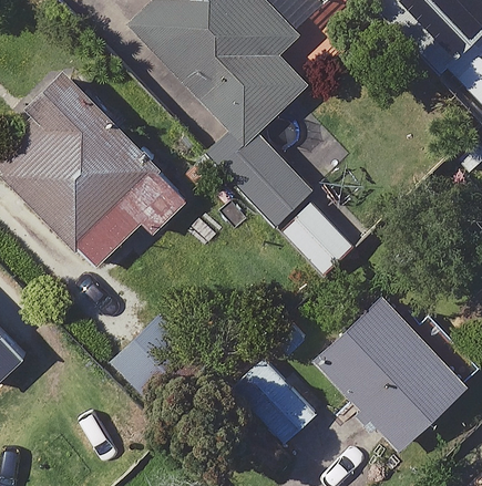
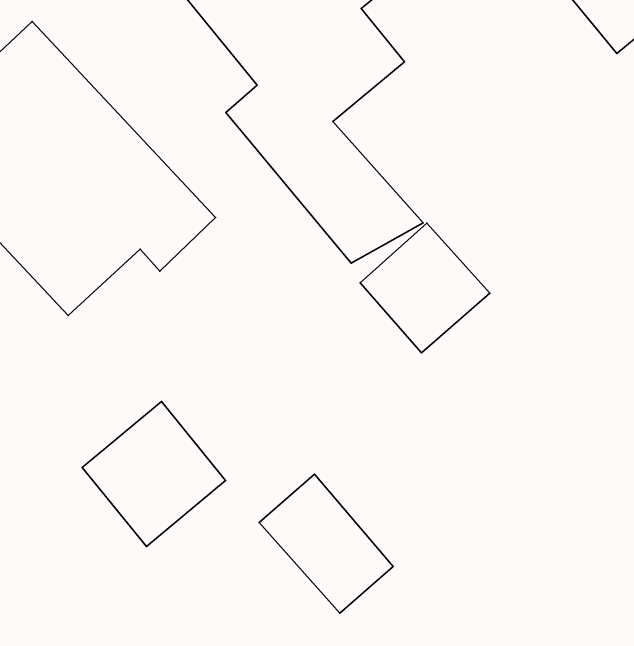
building: [312,294,465,451] -> none

